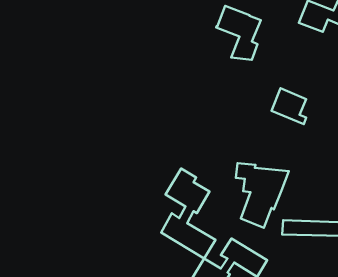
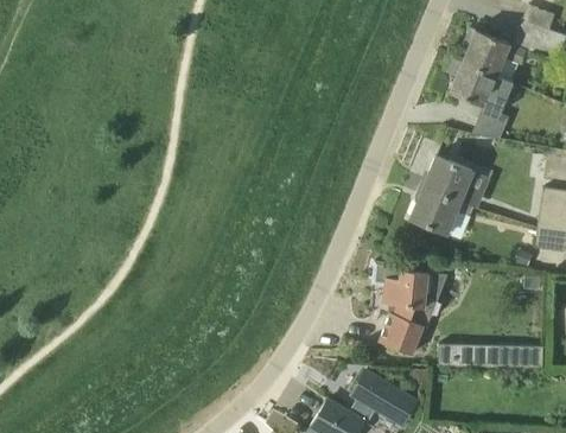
building: [216,6,261,60] -> [450,62,514,139]
building: none -> [411,187,470,234]
building: [161,168,215,258] -> none

